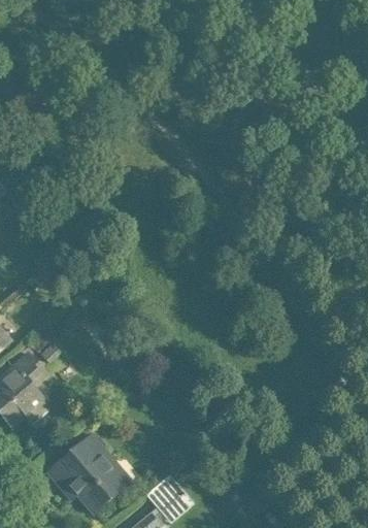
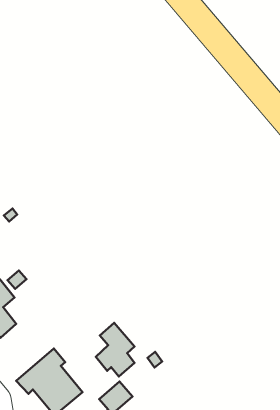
building: none -> [96,323,135,377]

